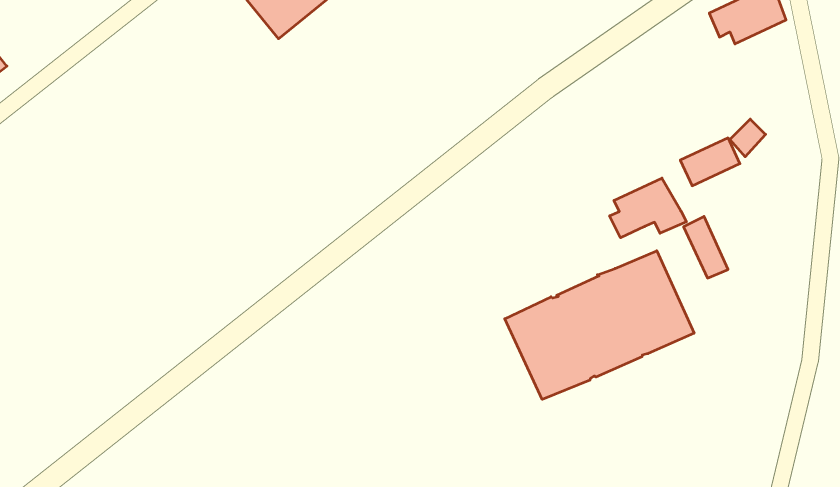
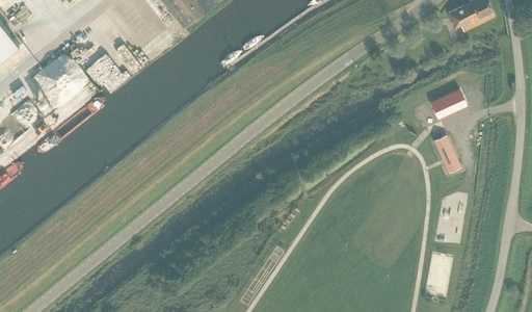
building: [610,178,686,238] -> none
building: [505,251,694,399] -> none

